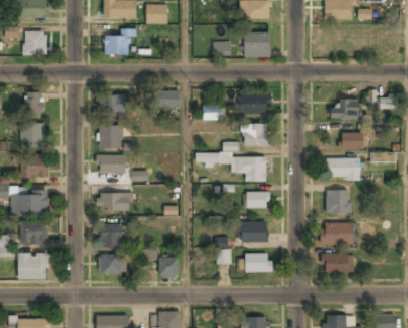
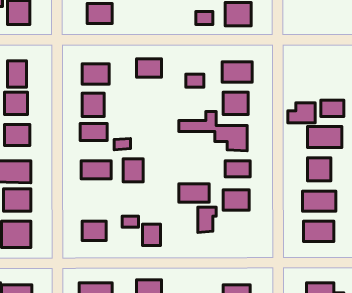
building: [331,99,358,119] -> [288,103,315,123]
building: [100,224,121,248] -> [123,159,143,182]
building: [242,254,272,272] -> [179,184,209,202]

